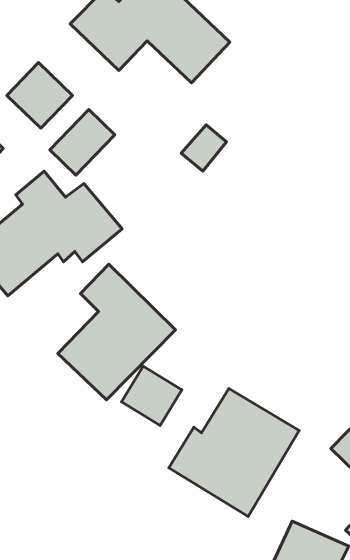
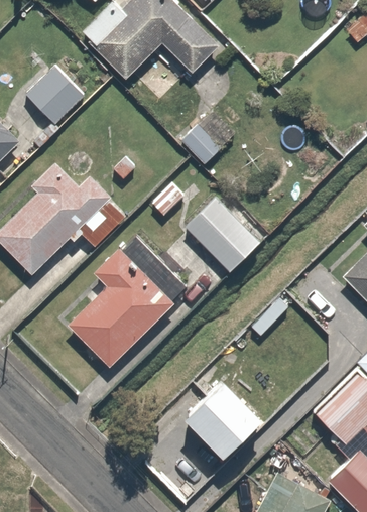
building: [50,110,115,175] -> none
building: none -> [184,195,264,274]
building: [121,366,182,426] -> none

